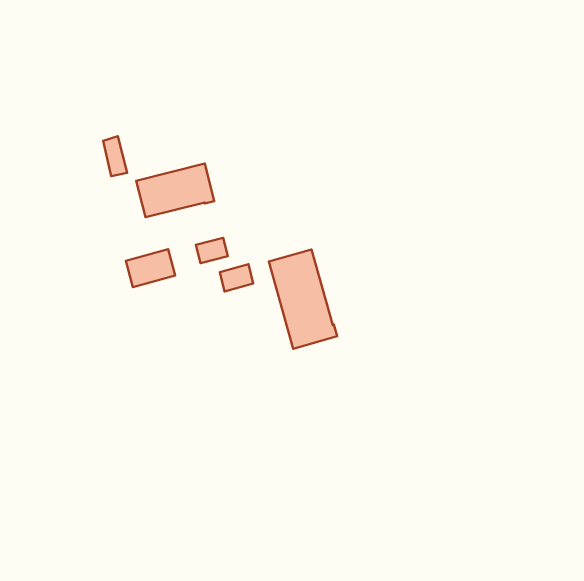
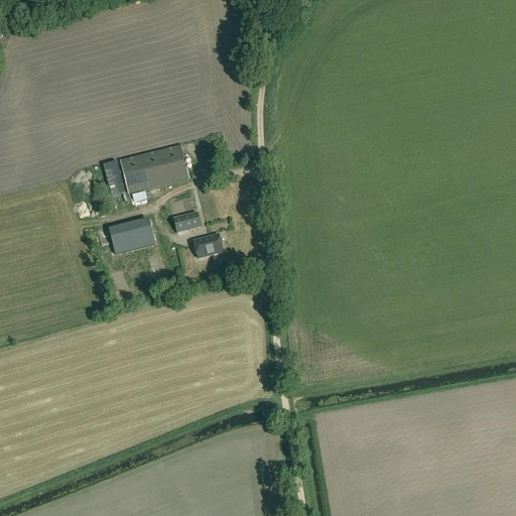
building: [103,136,127,176] -> [104,160,125,196]
building: [269,250,337,349] -> none

